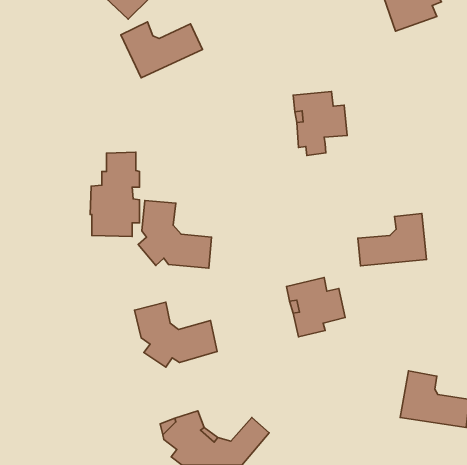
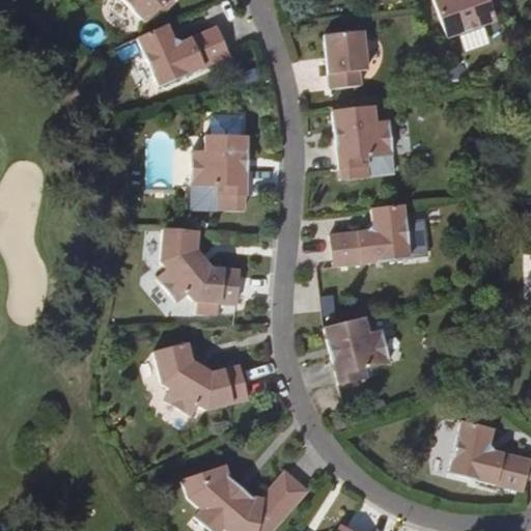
building: none -> [328,28,371,87]
building: [90,152,140,236] -> [191,114,247,209]
building: [358,214,427,266] -> [332,204,410,263]

